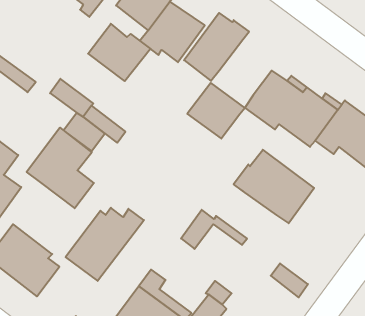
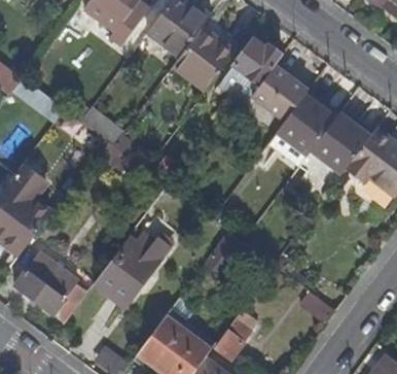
building: [88,24,150,81] -> none
building: [187,83,245,139] -> [247,65,304,121]
building: [27,128,94,208] -> none
building: [234,150,314,223] -> none

